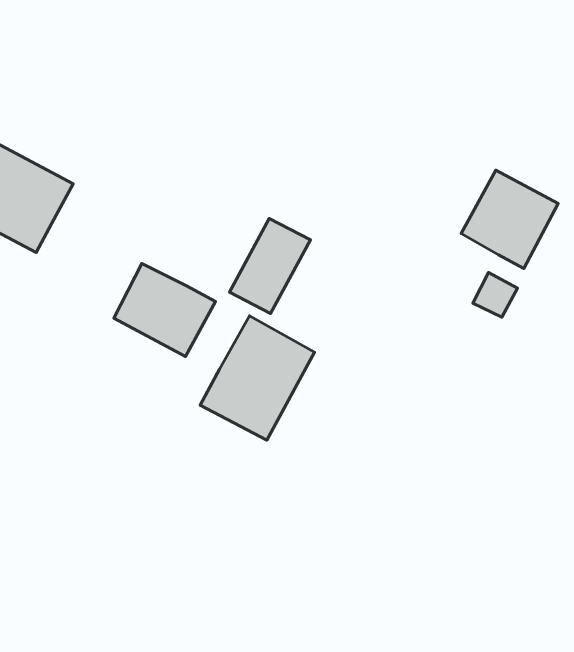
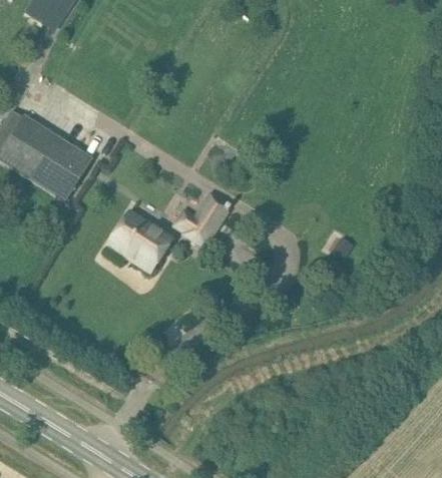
building: [461,170,558,268] -> none
building: [200,316,314,440] -> none

